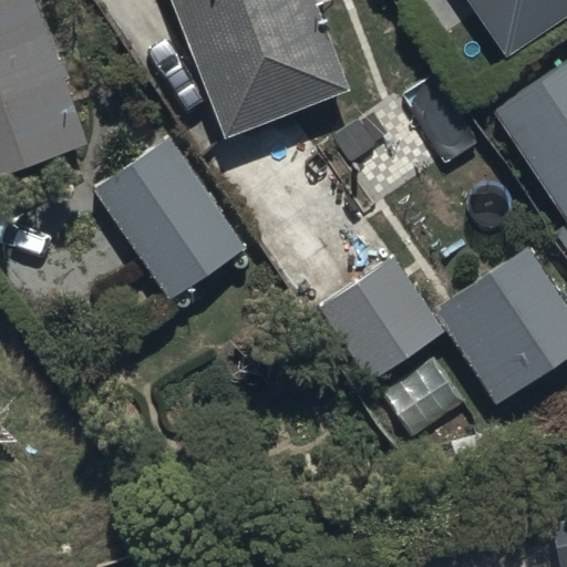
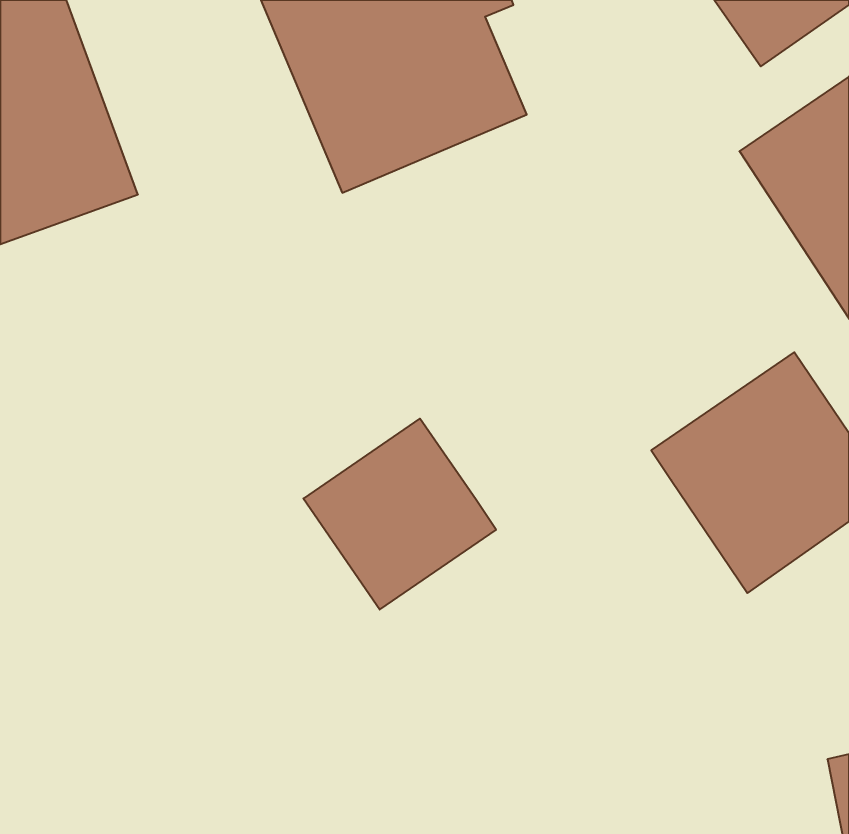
building: [96,140,248,299] -> none
building: [319,256,447,383] -> [303,419,496,610]

